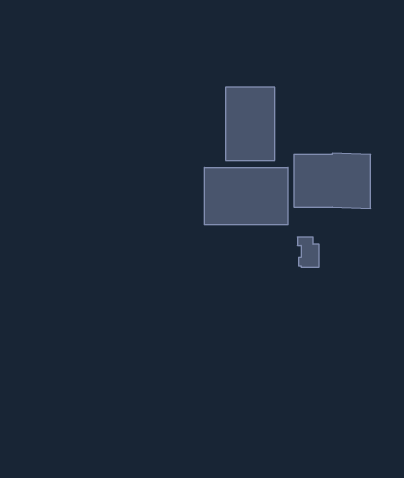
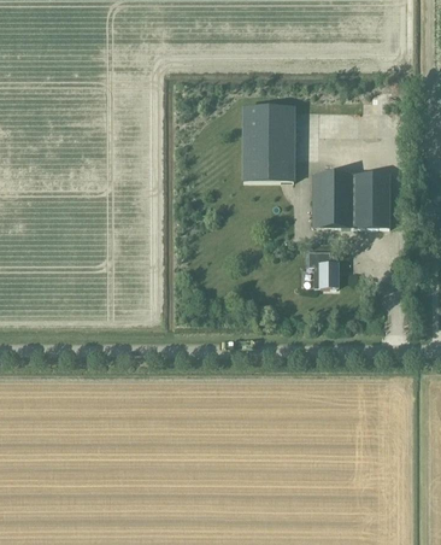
building: [204,167,288,225] -> none

